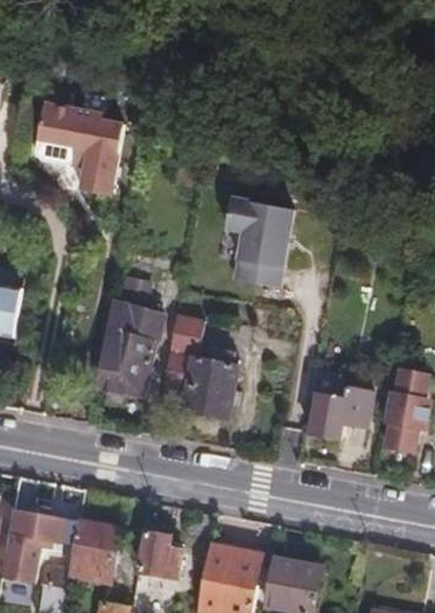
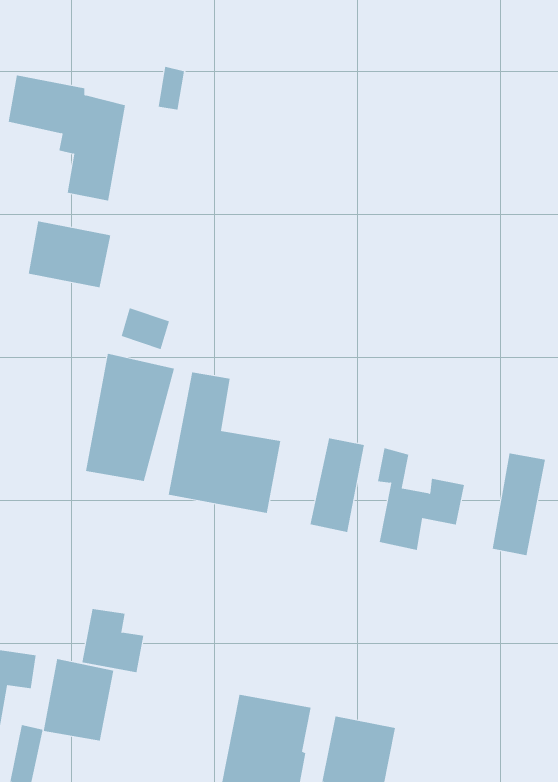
building: [232,198,300,287] -> none
building: none -> [28,221,111,288]
building: none -> [310,437,365,533]
building: [137,532,181,578] -> [82,609,144,673]

